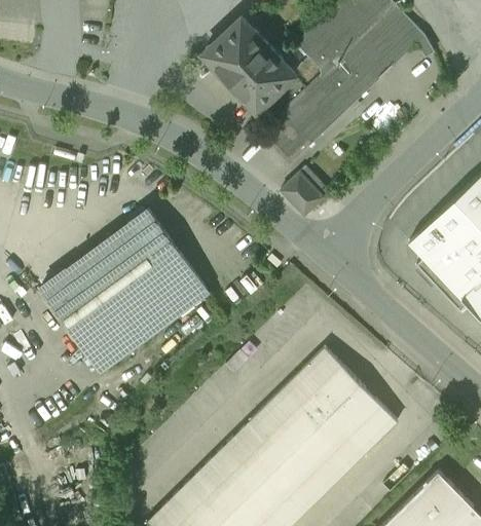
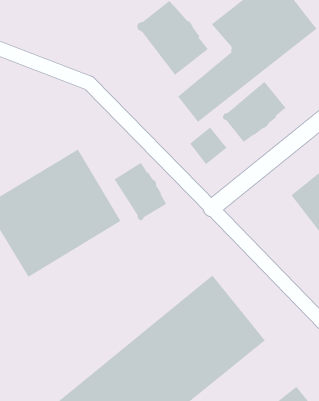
building: none -> [222,81,287,143]
building: none -> [113,162,167,221]

